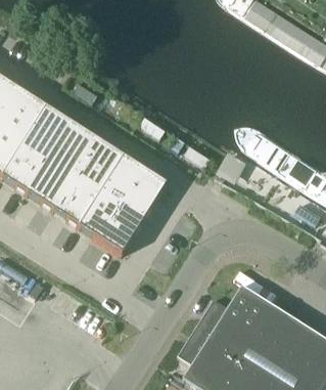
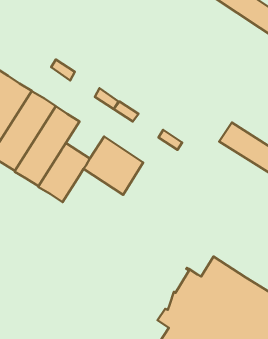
building: [84,142,125,182] -> none
building: [80,193,145,256] -> none

